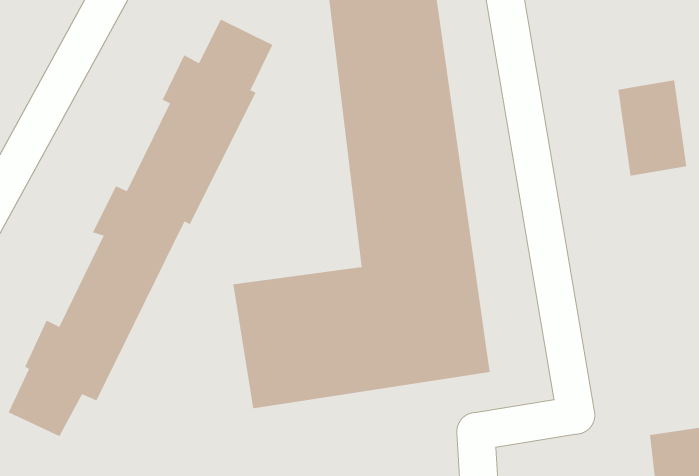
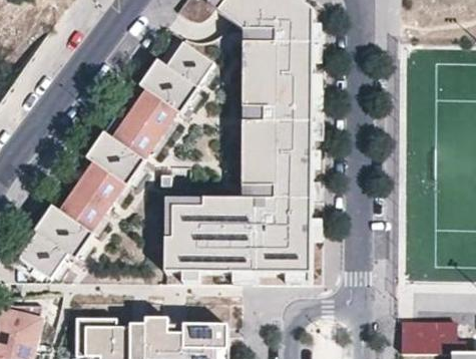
building: [618,80,687,177] -> none

